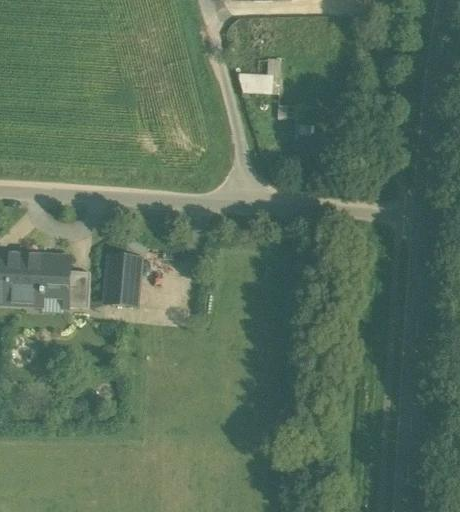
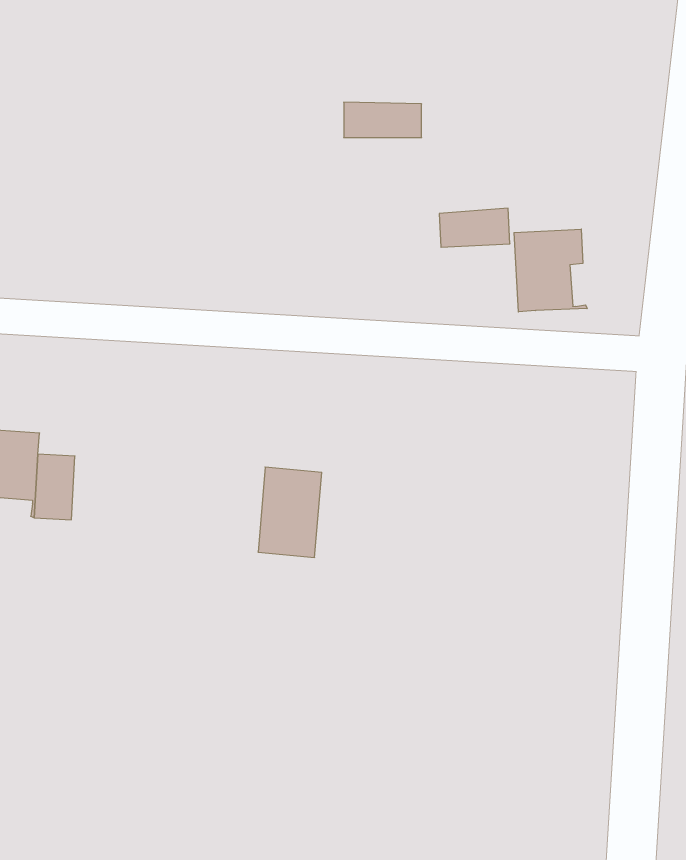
building: none -> [514,229,587,312]
building: [102,254,138,305] -> [258,467,322,557]

